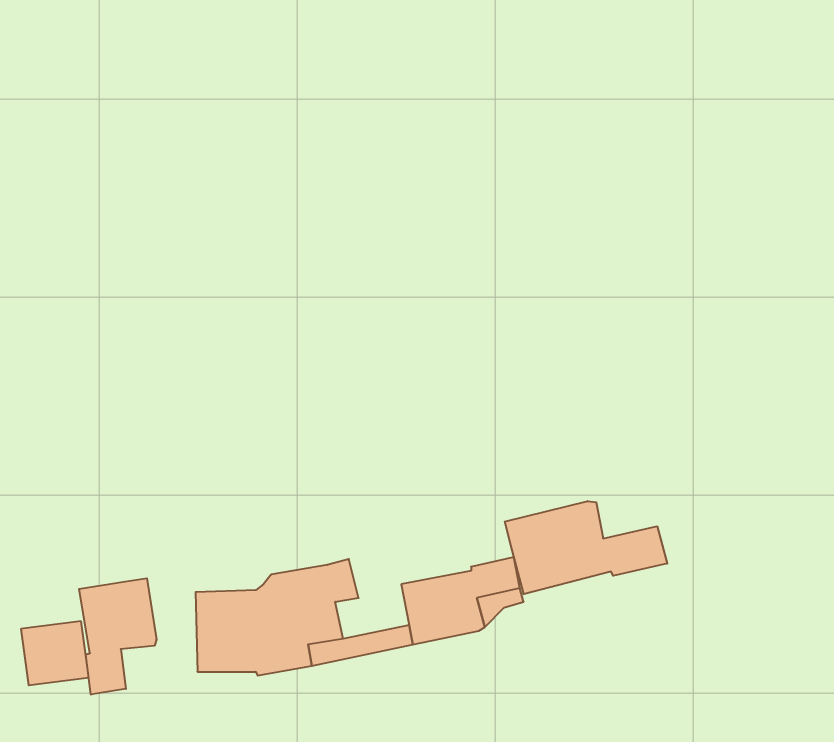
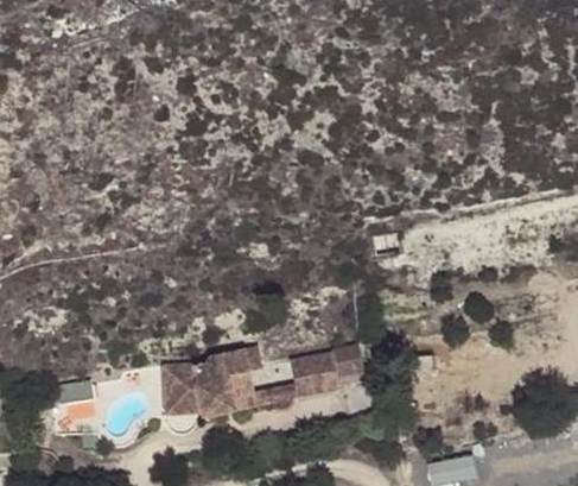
building: [505,501,667,594] -> none
building: [79,578,156,695] -> none

